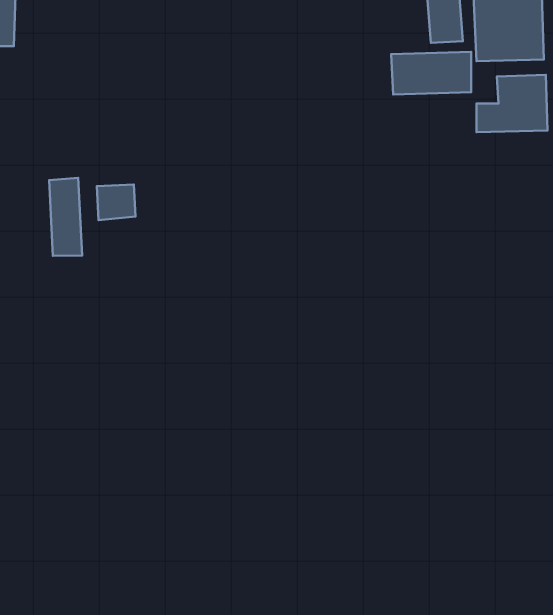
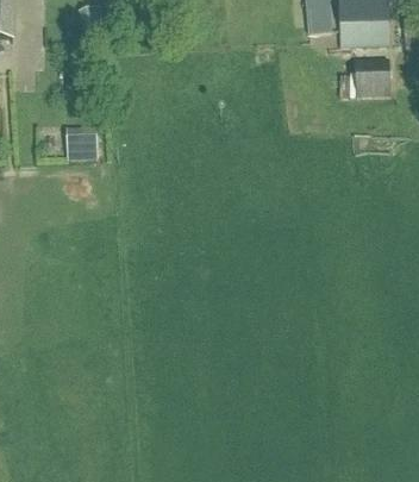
building: [391,52,471,94] -> none
building: [49,178,82,256] -> none

